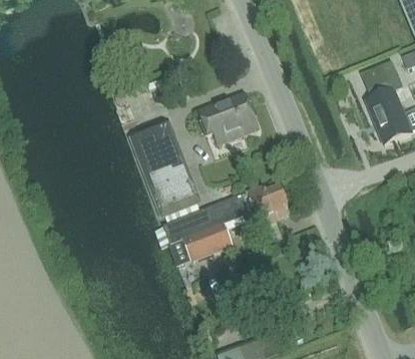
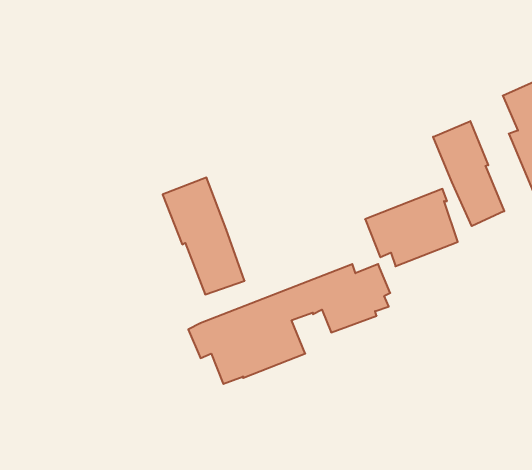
building: none -> [433,121,504,226]
building: [196,92,258,143] -> [365,189,458,266]

